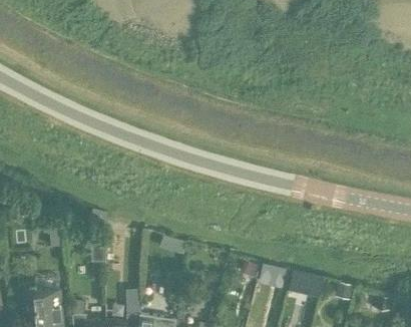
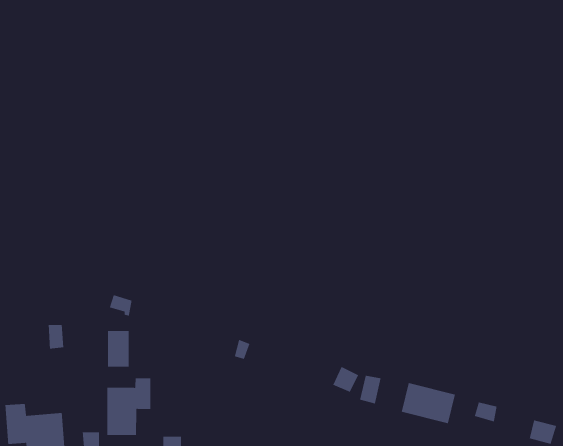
building: none -> [106,378,151,436]

